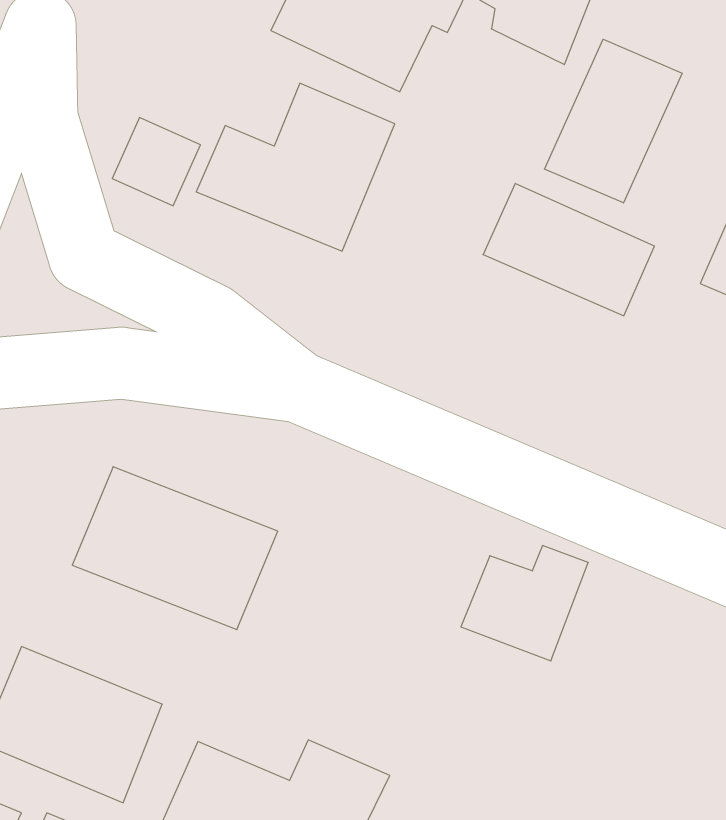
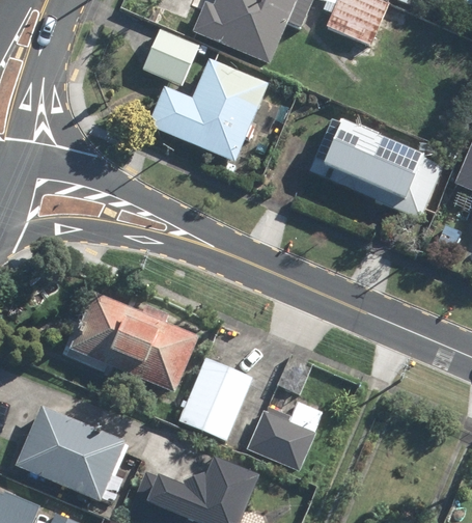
building: [545,39,682,203] -> none
building: [112,118,200,206] -> [143,29,197,83]
building: [461,546,588,661] -> [246,402,324,472]
building: none -> [176,356,255,442]

